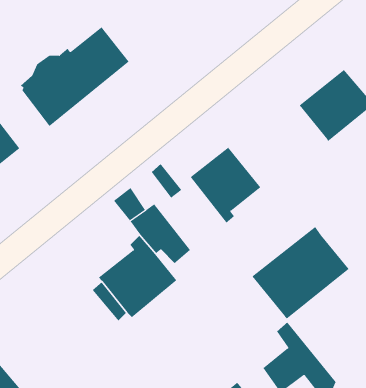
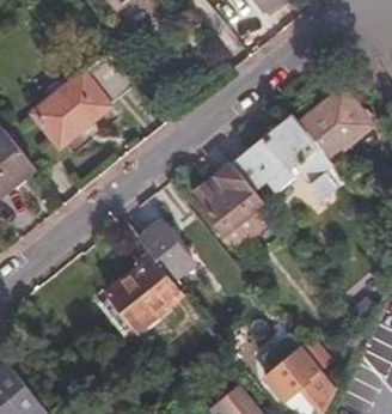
building: [252,226,350,319] -> [231,118,324,207]

